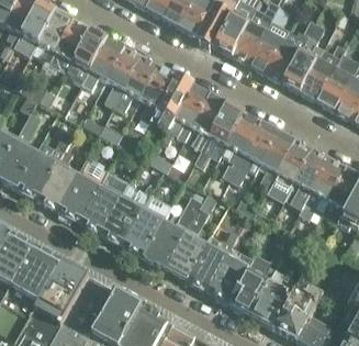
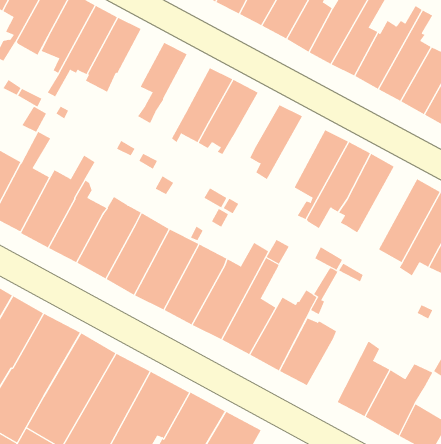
building: [81,36,123,89] -> none
building: [112,55,157,118] -> none
building: [167,83,209,139] -> none
building: [193,101,243,167] -> none
building: [266,138,311,200] -> none
building: [229,254,281,313] -> none

